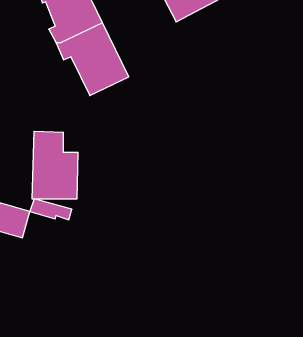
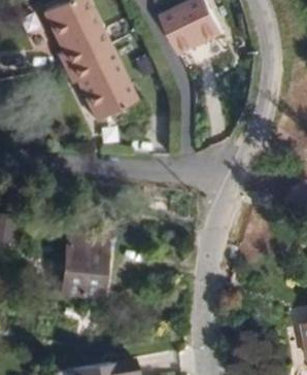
building: [32,131,78,199] -> [70,243,115,309]

